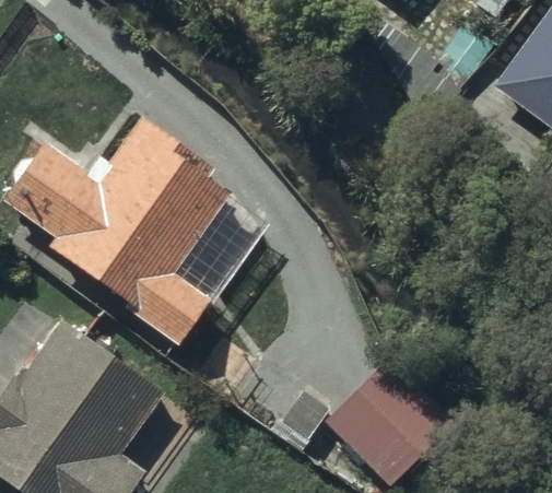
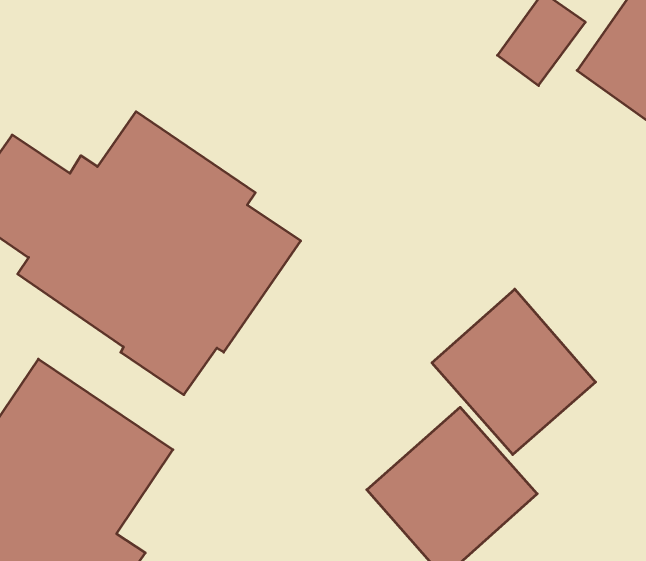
building: none -> [432,289,596,455]

